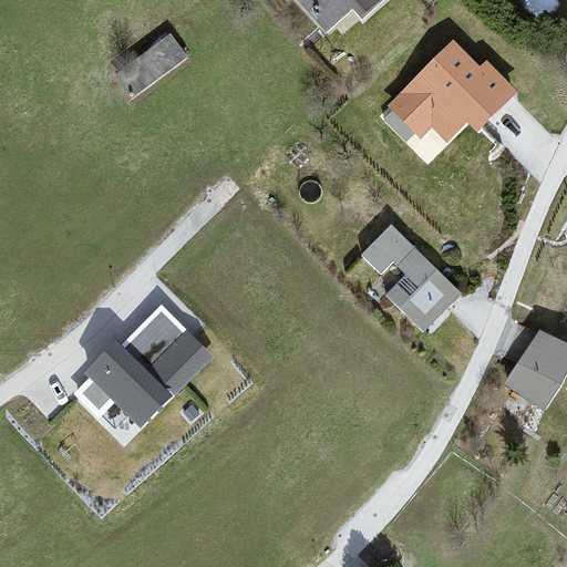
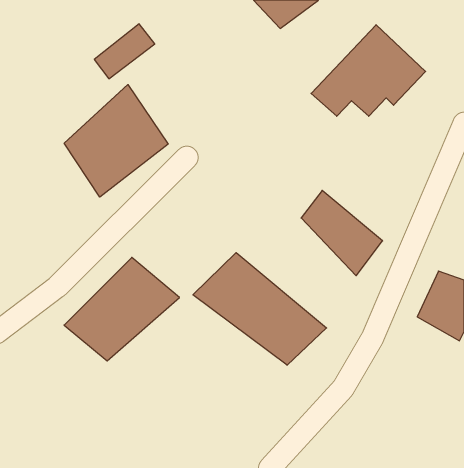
building: none -> [64,85,168,197]
building: none -> [193,253,327,365]

